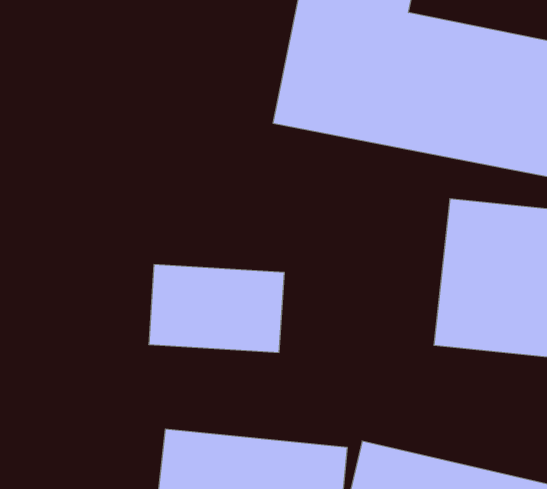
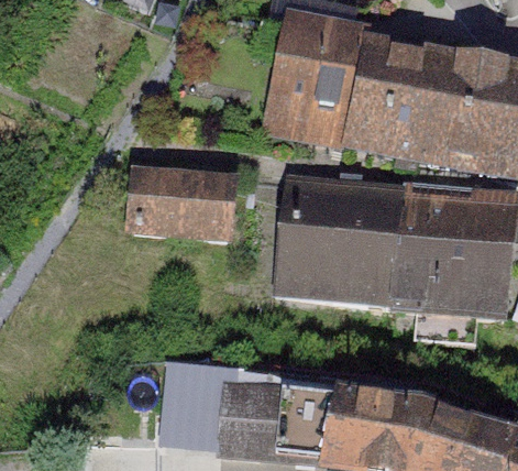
building: none -> [273,175,404,309]
building: [149,265,284,352] -> [132,166,244,239]

